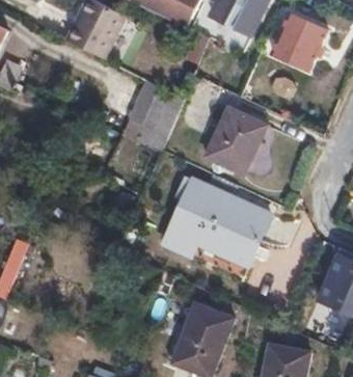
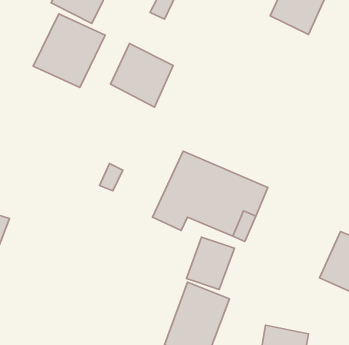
building: none -> [33,14,105,87]
building: [205,106,267,171] -> none
building: none -> [186,237,234,290]

